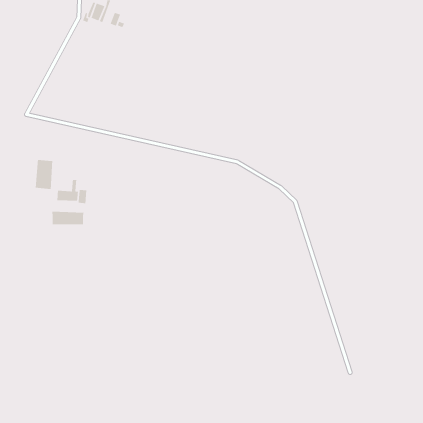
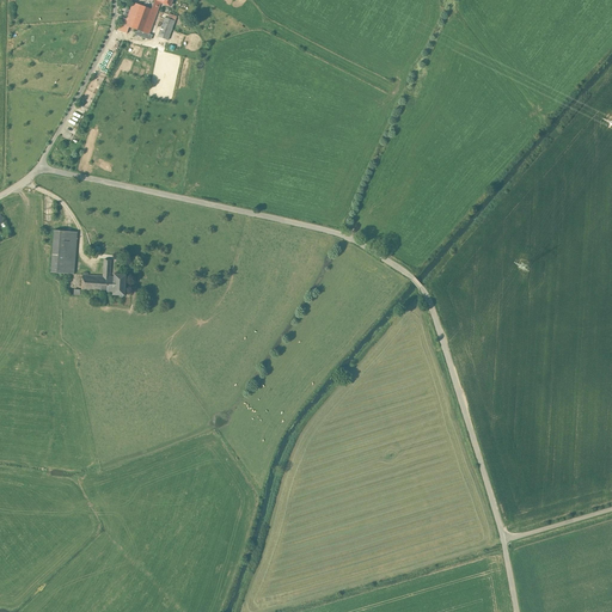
building: [51,211,84,225] -> none

